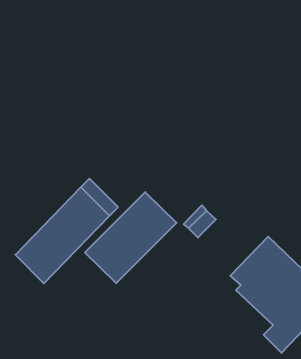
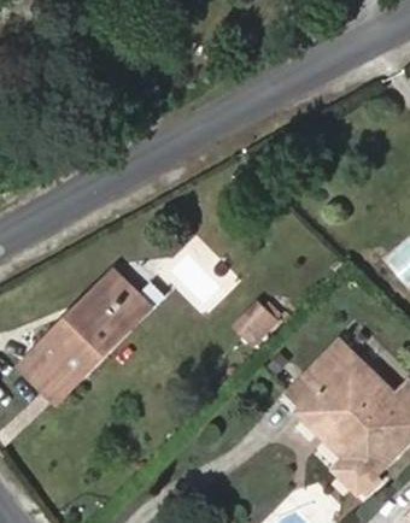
building: [85,192,177,283] -> none

